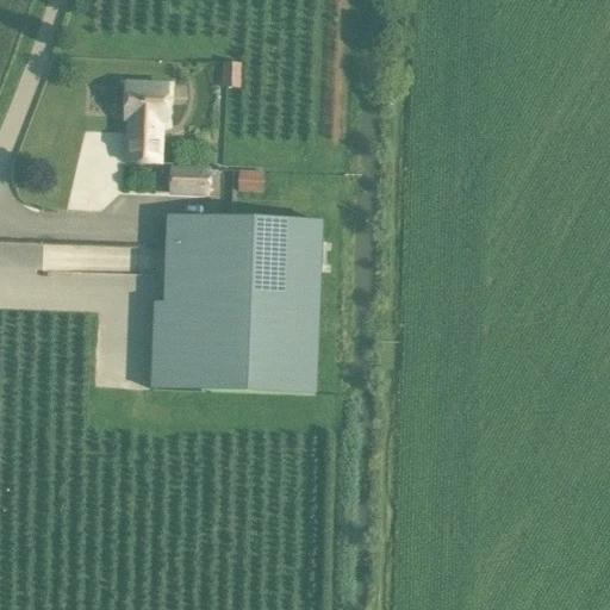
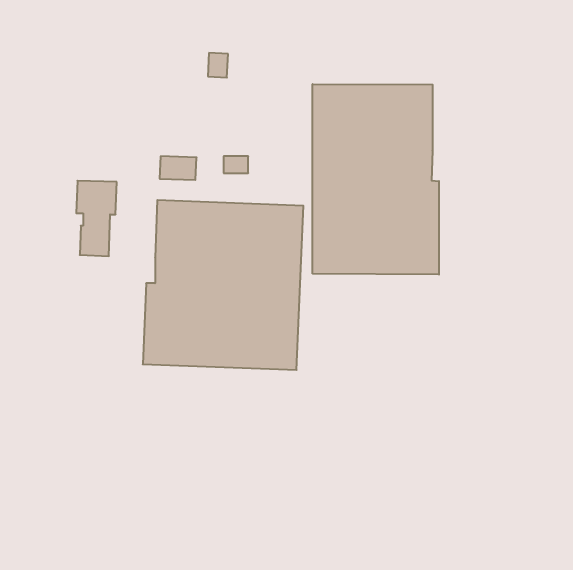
building: [124,81,167,161] -> [76,181,117,256]
building: none -> [313,84,439,275]

